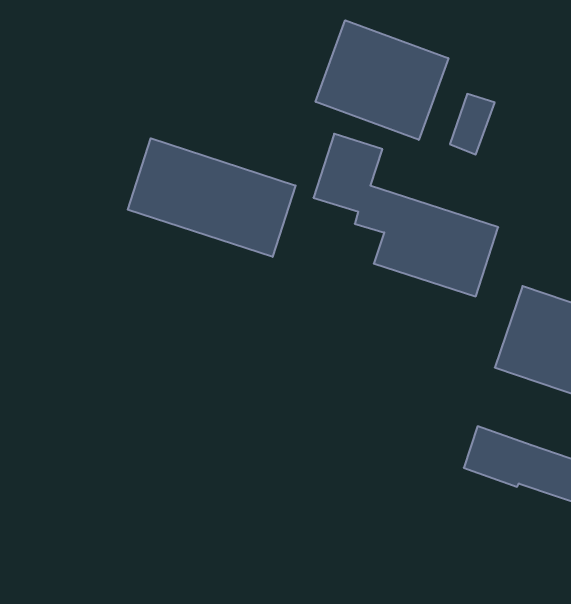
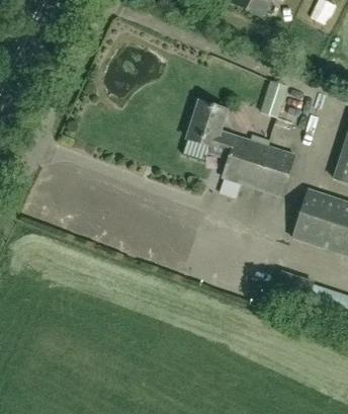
building: [316,20,448,140] -> none
building: [128,138,296,257] -> none

